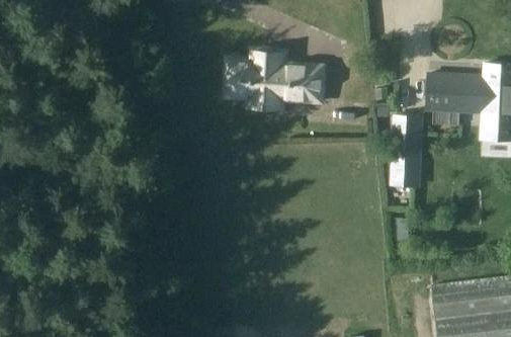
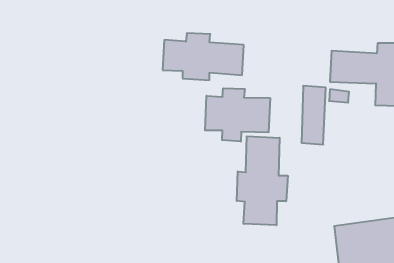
building: none -> [205,88,270,142]
building: none -> [237,136,288,225]

